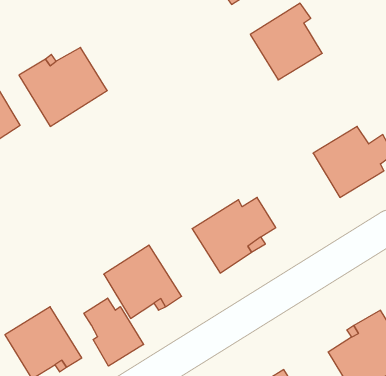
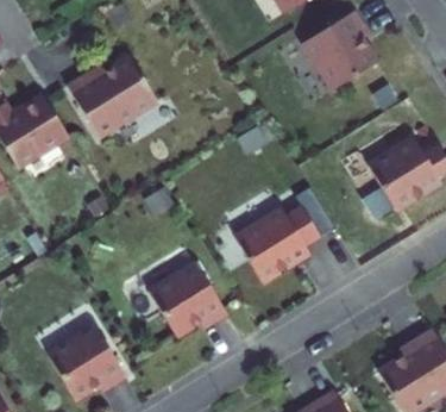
building: [84,298,144,366] -> none

